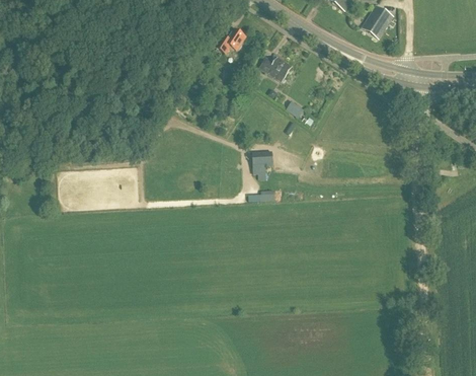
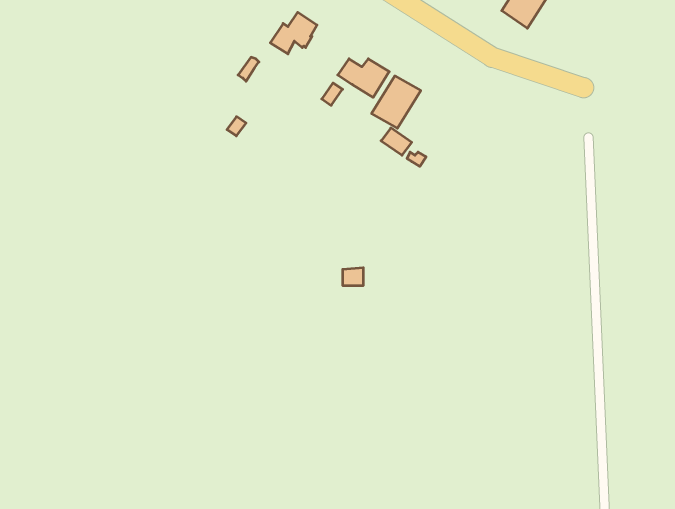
building: none -> [372,76,421,128]
building: [252,151,273,179] -> none

